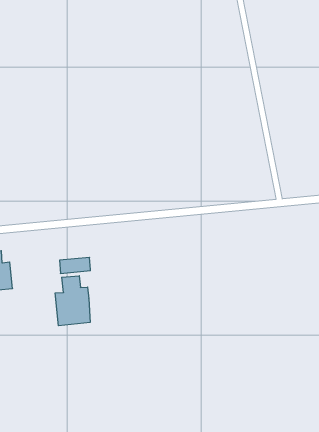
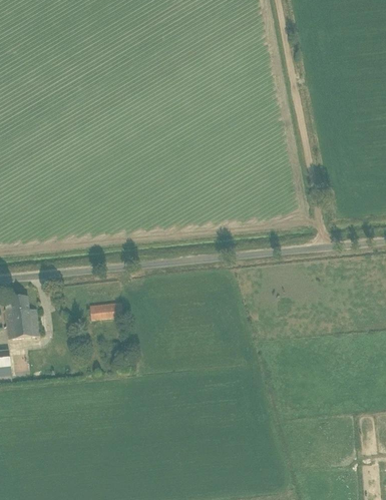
building: [55,276,90,326] -> none

